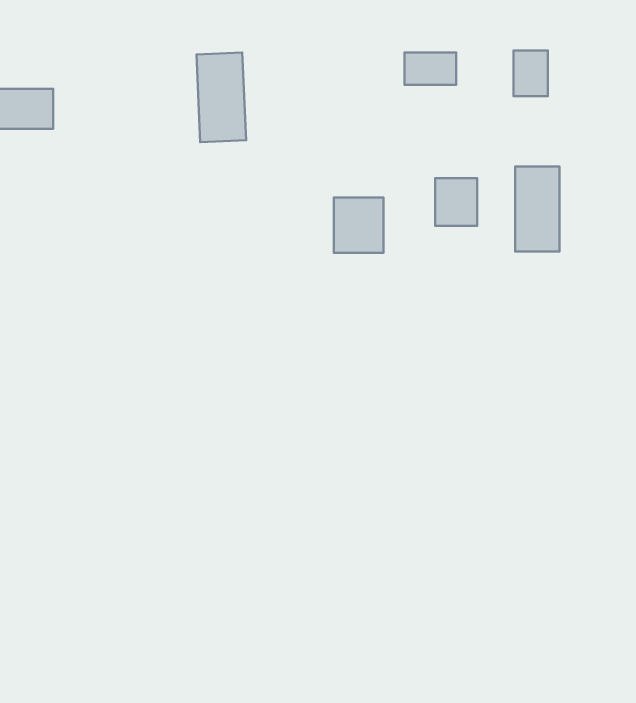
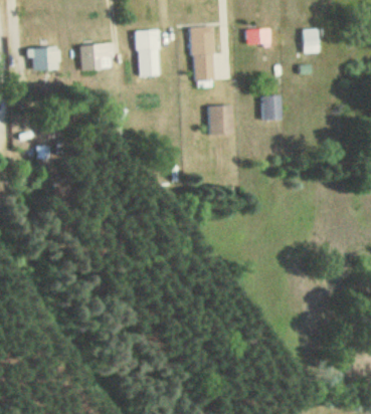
building: none -> [191,26,215,81]
building: none -> [80,44,112,69]
building: [515,166,559,252] -> none

